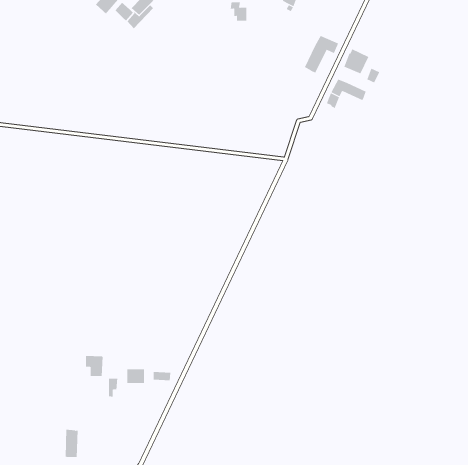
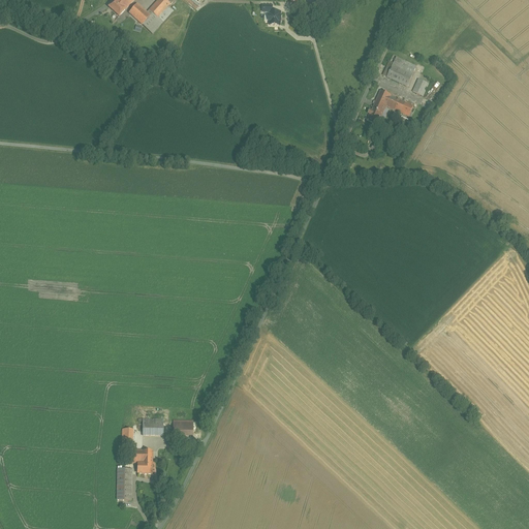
building: [304,35,339,73] -> none
building: [85,355,104,376] -> [132,447,153,471]
building: [65,429,78,458] -> [117,466,132,498]

